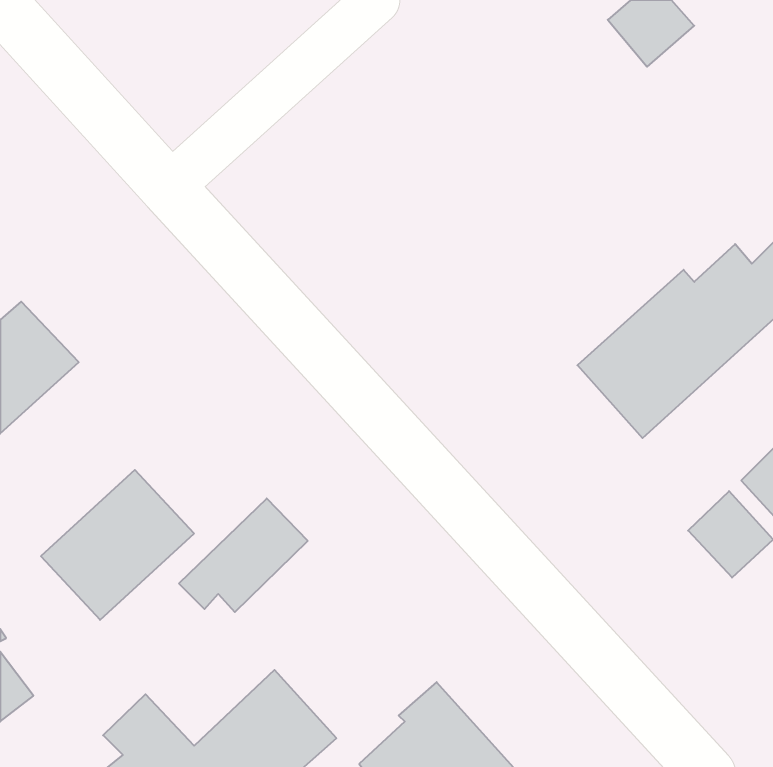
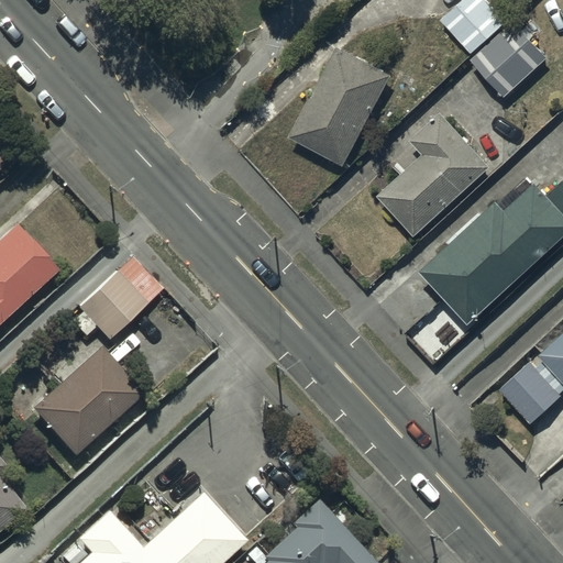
building: none -> [472,26,548,98]
building: none -> [289,47,390,165]
building: none -> [378,112,492,236]
building: [179,498,308,612] -> [67,258,161,341]

